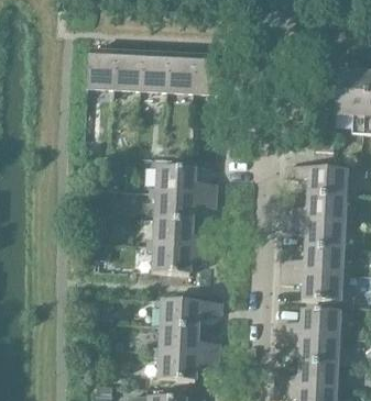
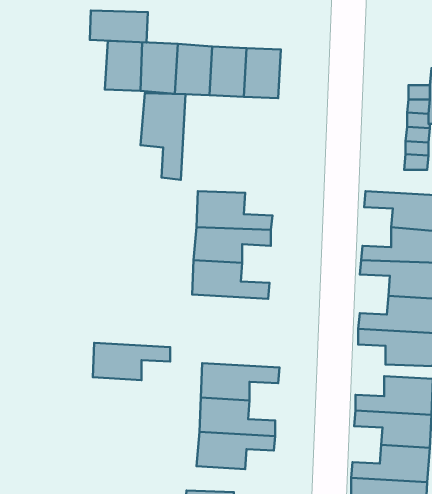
building: none -> [90,11,148,42]
building: none -> [141,93,186,180]
building: [153,245,212,274] -> [93,343,170,380]

